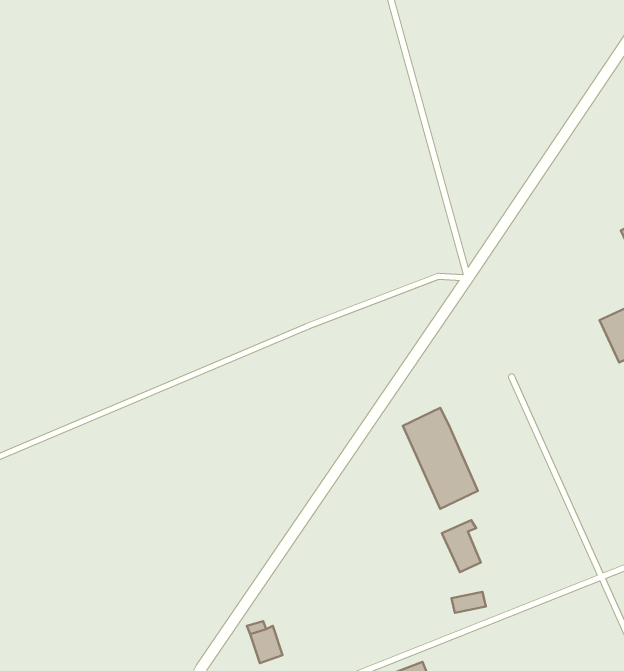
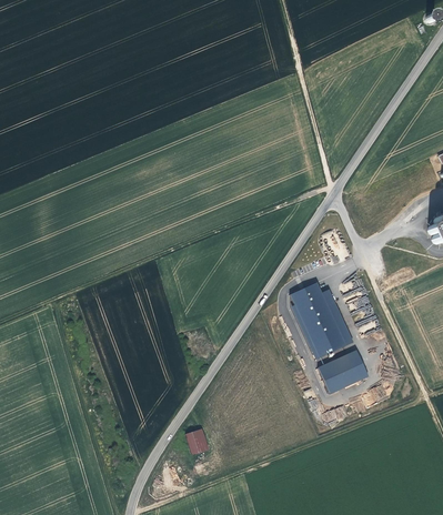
building: none -> [291,289,353,359]
building: none -> [335,350,368,386]

